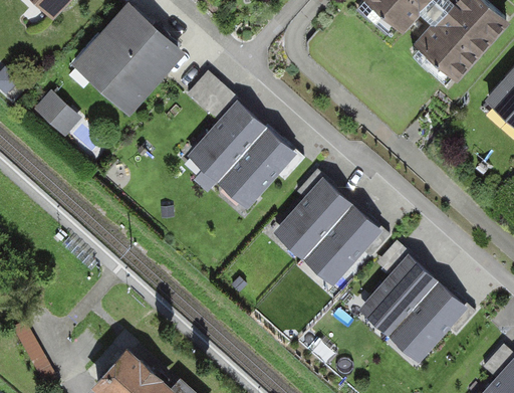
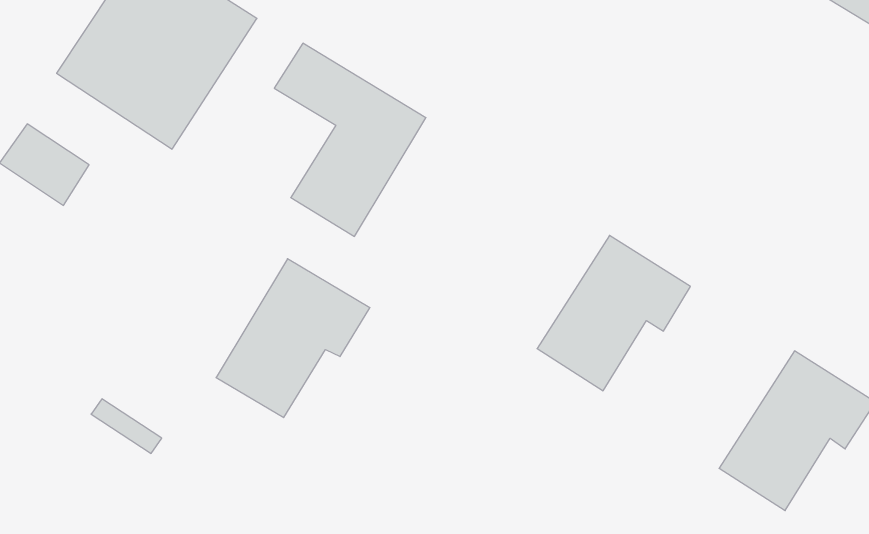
building: [215,123,302,206] -> [216,259,370,418]
building: [273,170,349,254] -> none
building: [356,242,437,334] -> none

